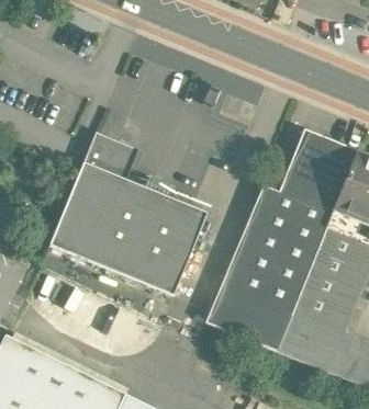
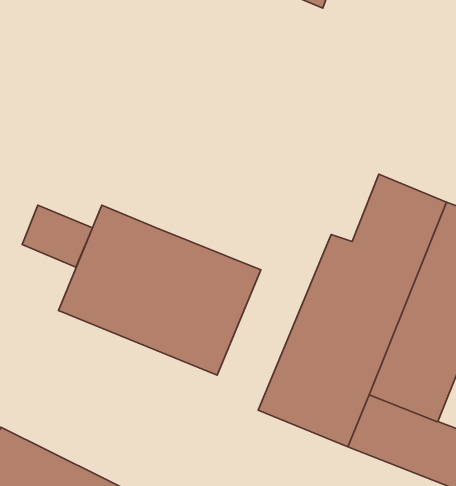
building: [83,130,138,179] -> [22,205,93,267]

